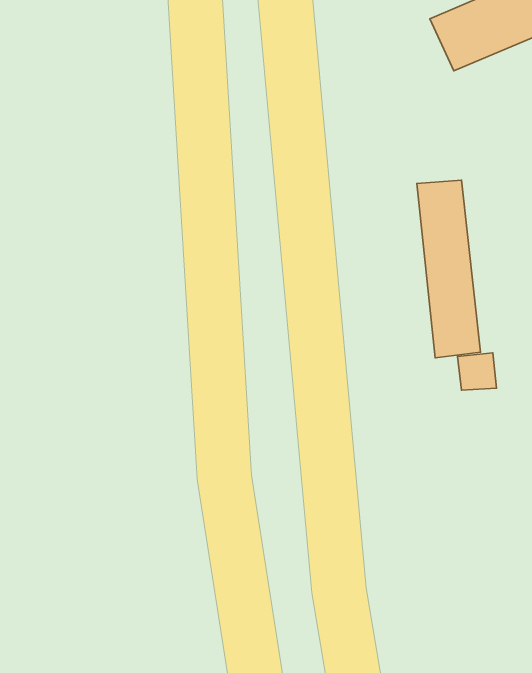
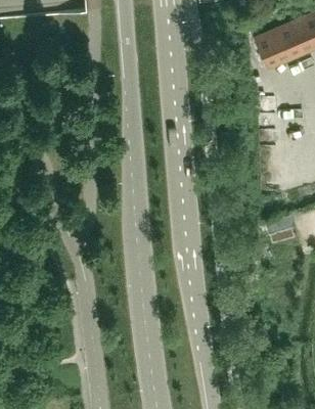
building: [417,180,480,358] -> none

